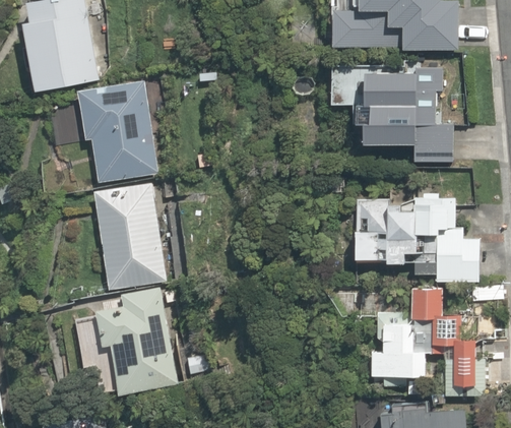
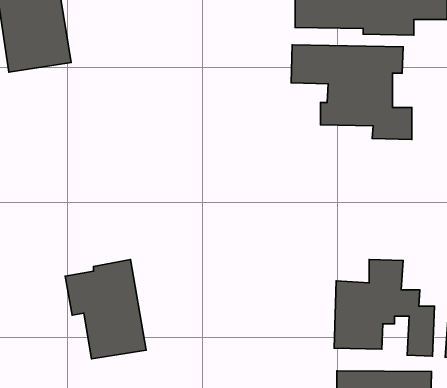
building: [76,81,166,183] -> none
building: [91,183,163,288] -> none
building: [356,201,481,277] -> none

